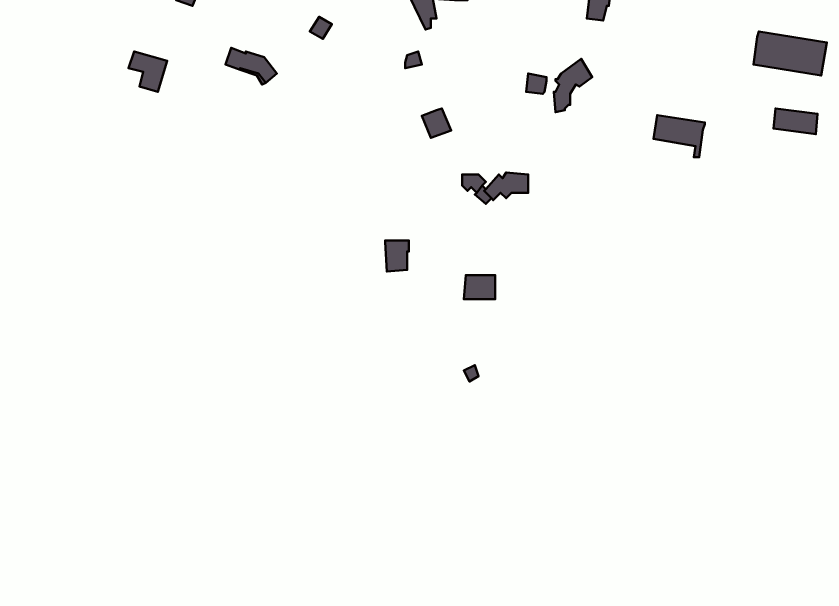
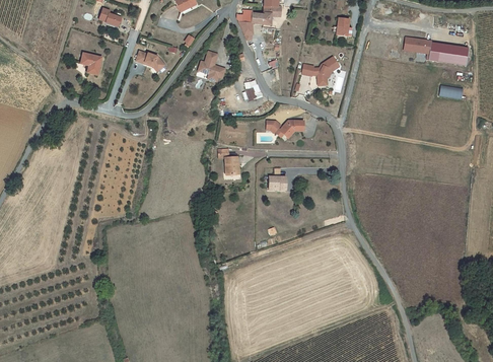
building: none -> [200,52,225,82]
building: [653,115,705,157] -> [403,37,431,60]

